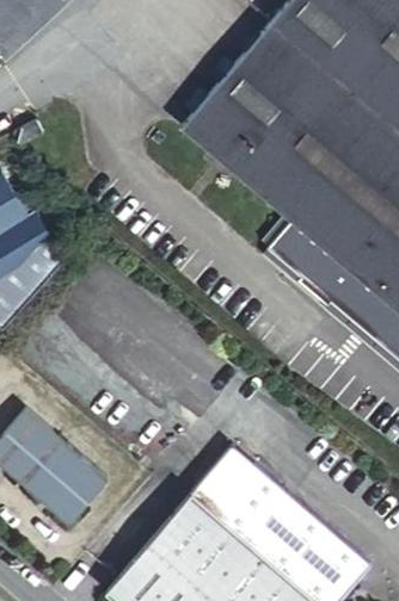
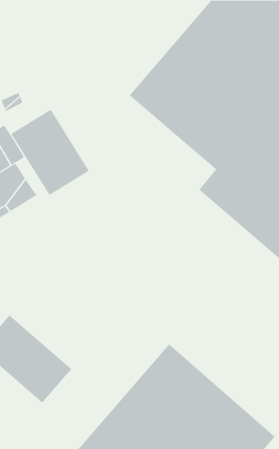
building: none -> [11,109,89,196]

